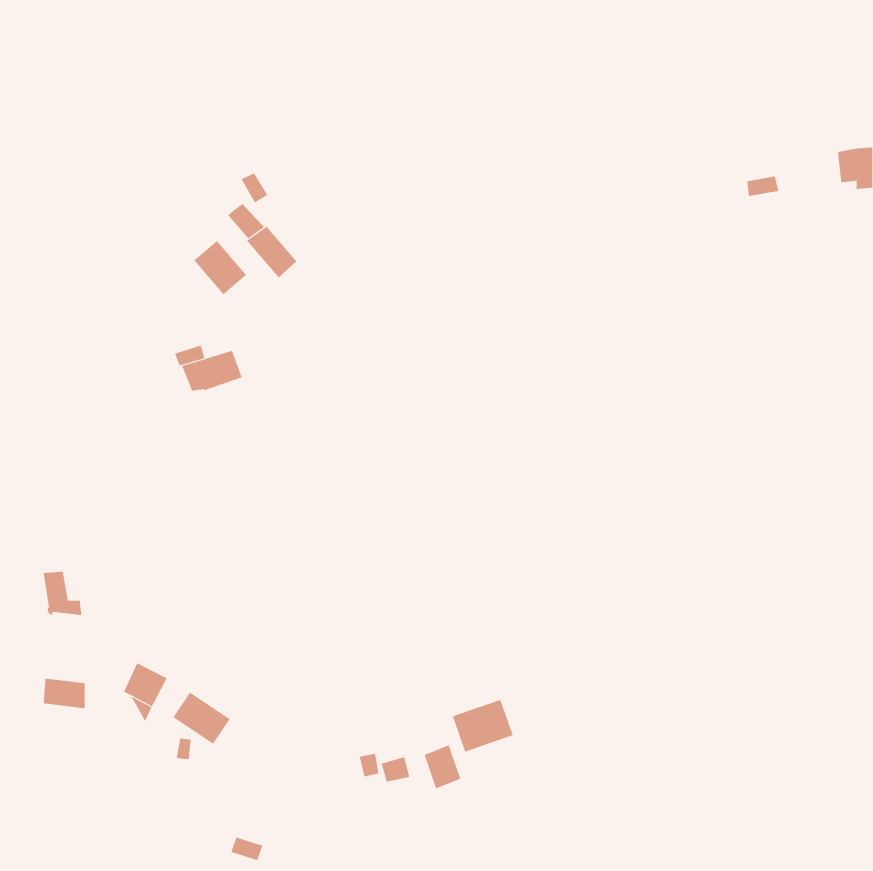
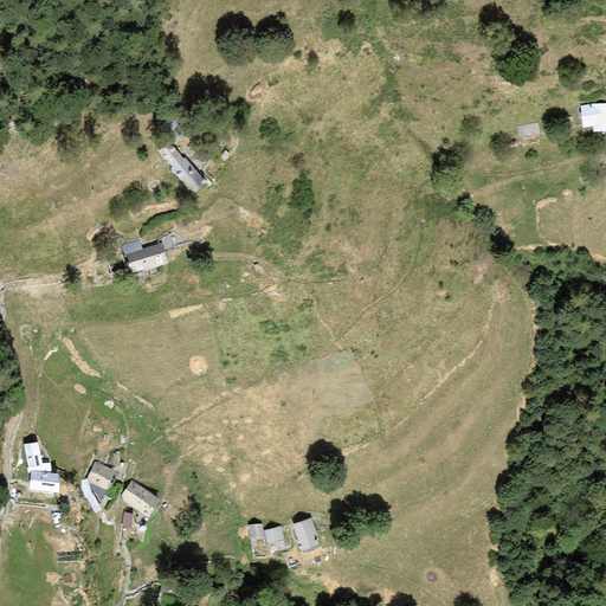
building: [193,240,247,295] -> none
building: [43,571,82,616] -> [24,441,51,472]
building: [452,699,513,753] -> none

